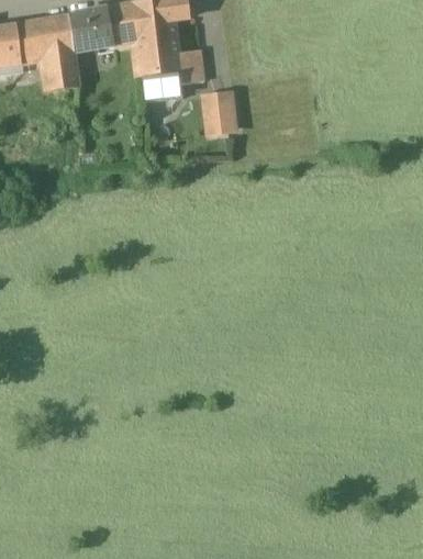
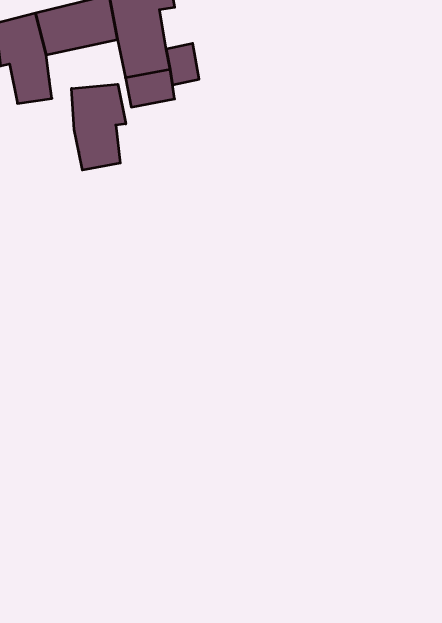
building: none -> [72,84,126,170]
building: [202,91,234,130] -> none

